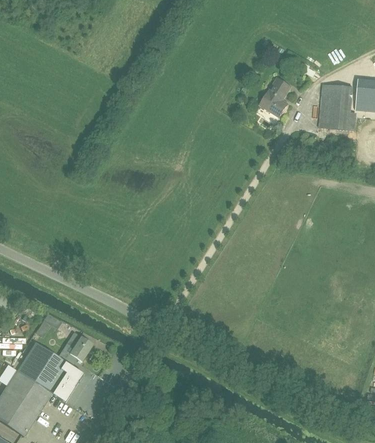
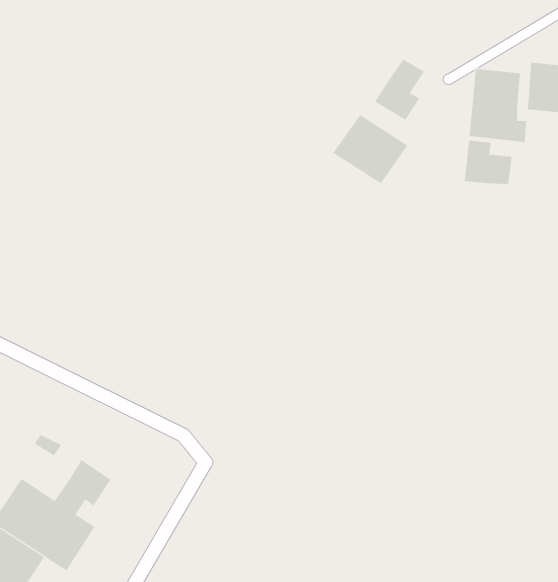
building: none -> [333,114,408,184]
building: none -> [464,140,512,185]

